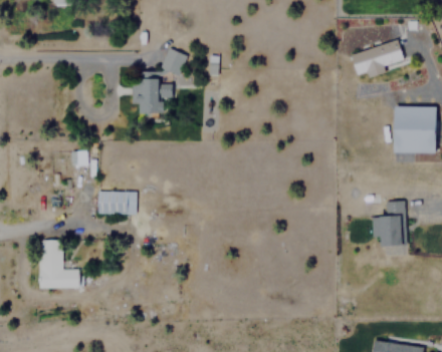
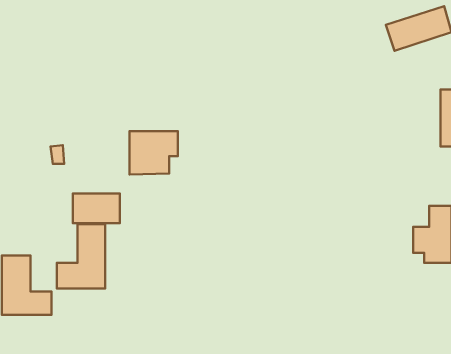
building: [160,48,187,76] -> none
building: [133,79,172,114] -> [130,131,178,175]
building: none -> [57,224,105,288]

